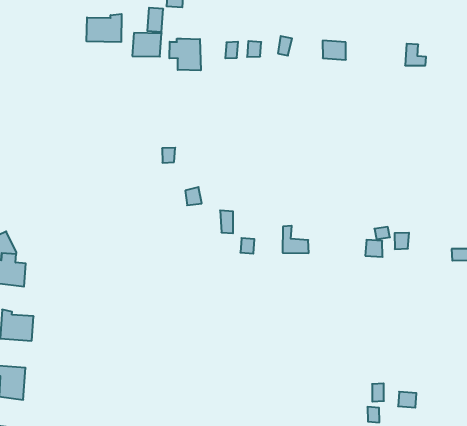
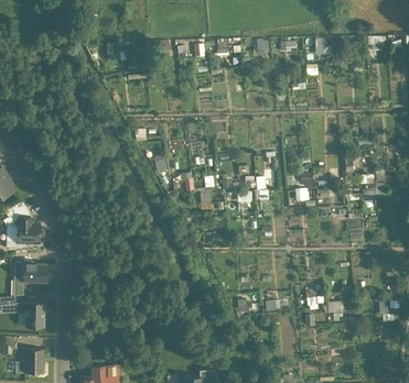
building: [87,14,122,42] -> none
building: [169,39,201,70] -> none

